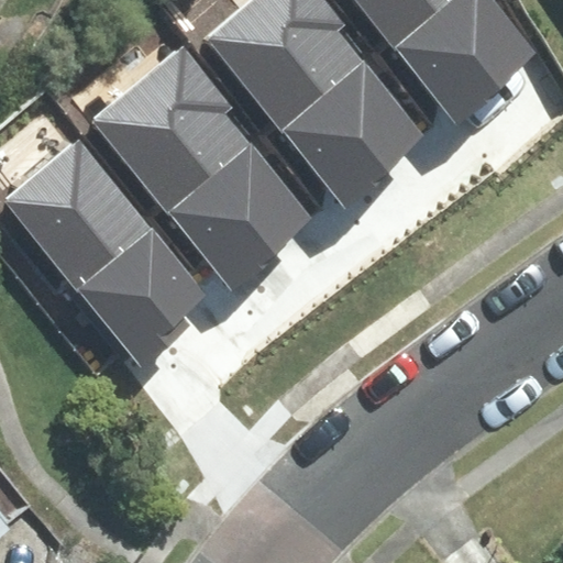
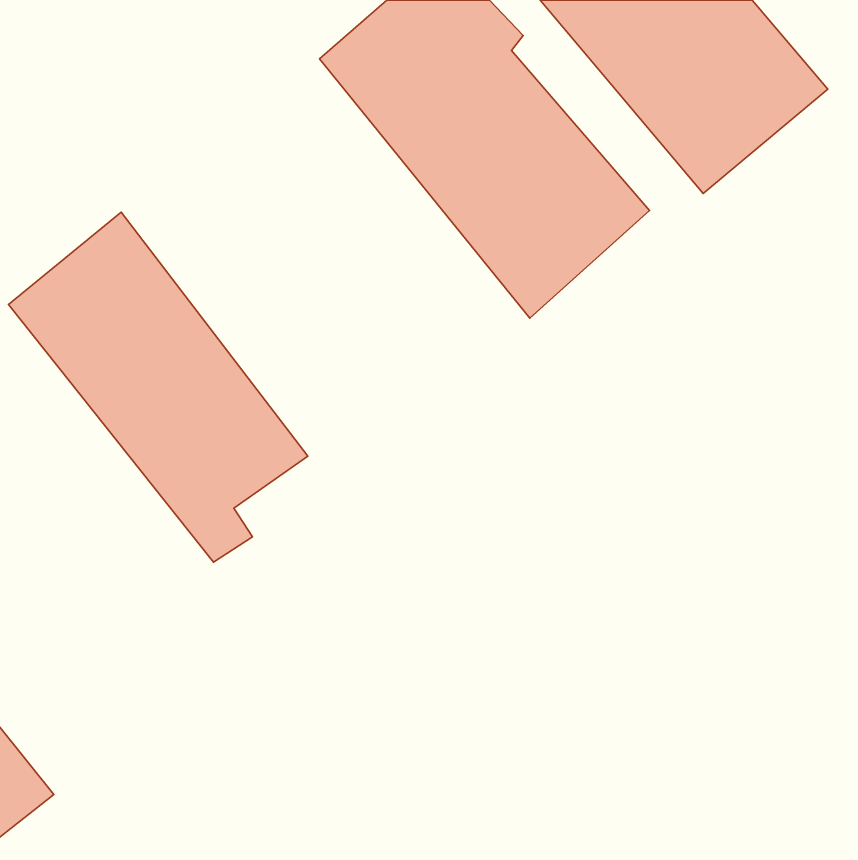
building: [98,45,305,274] -> none

